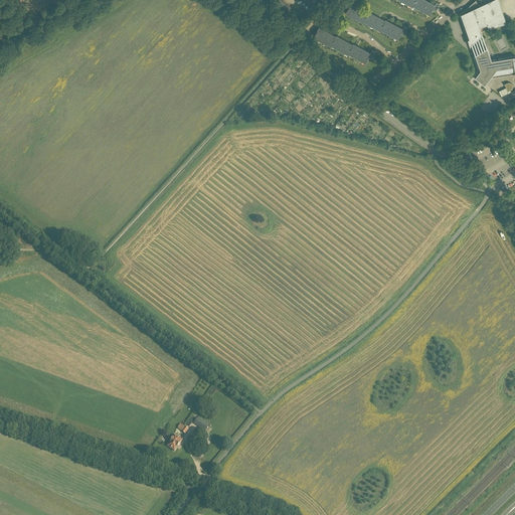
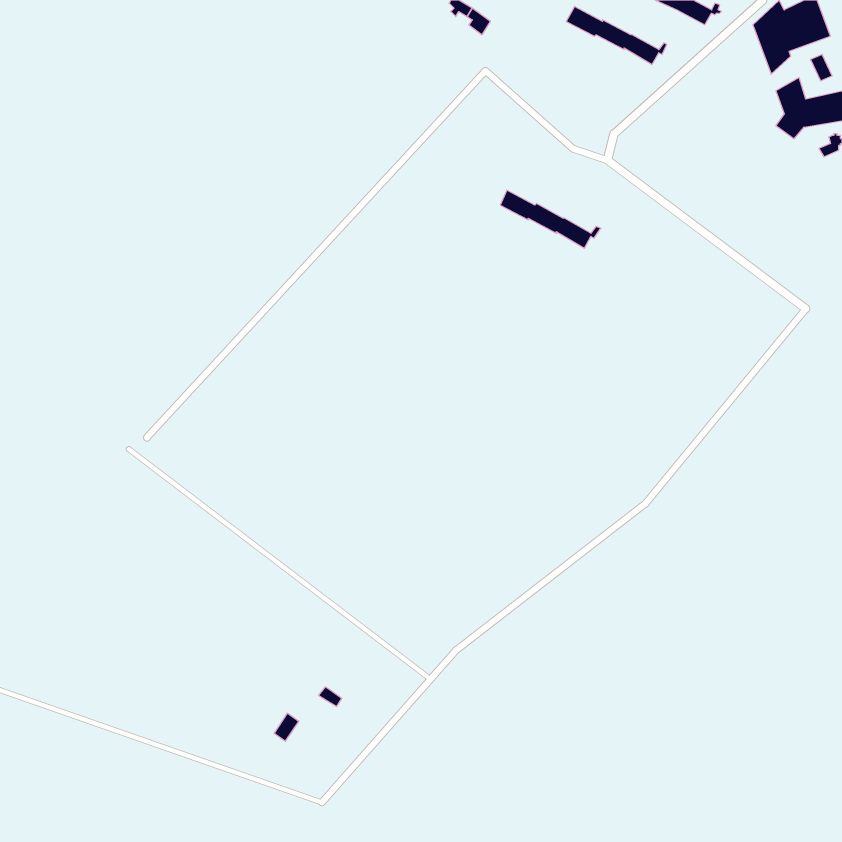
building: [315,29,376,64] -> [500,190,601,248]

